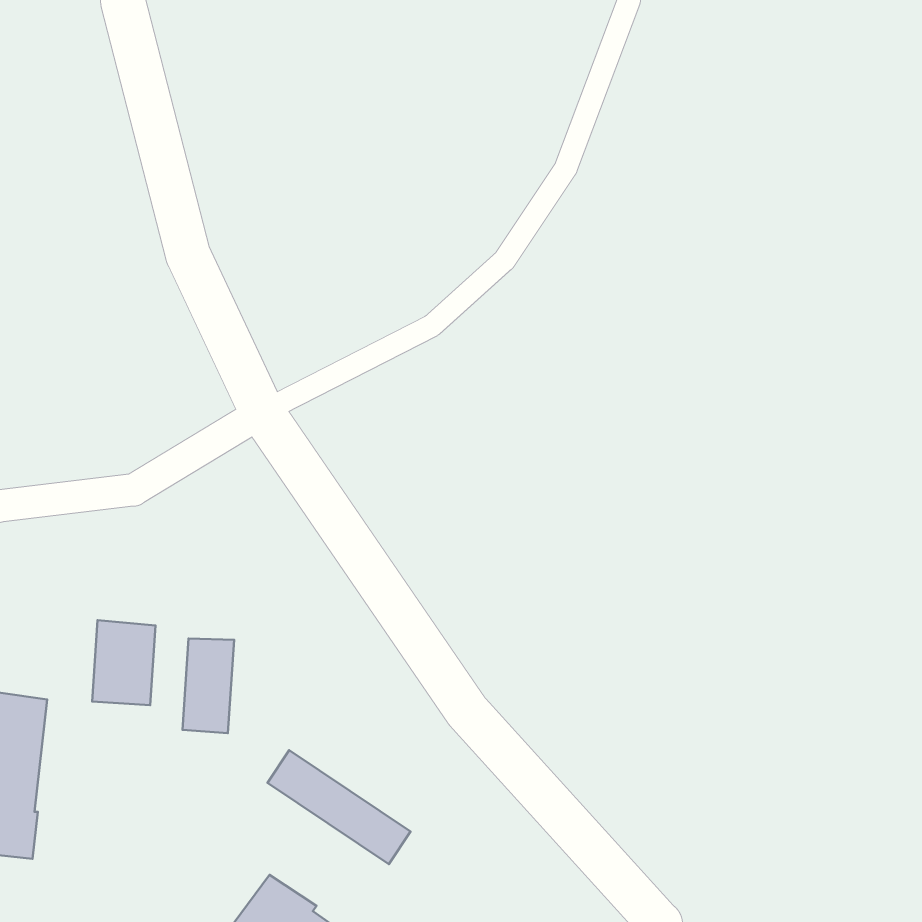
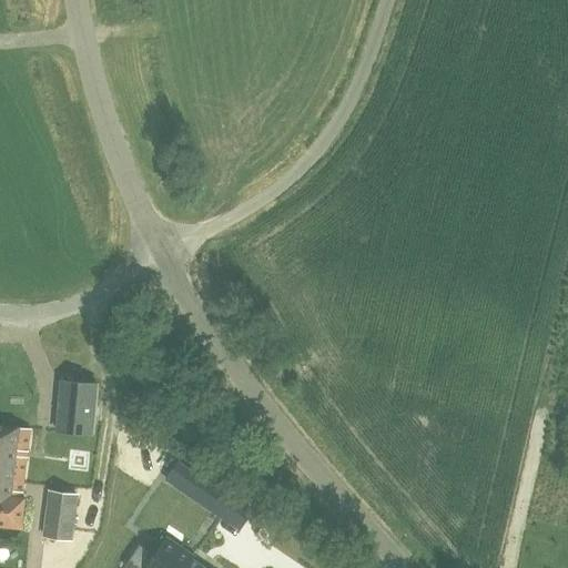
building: [182,638,234,733] -> none
building: none -> [41,491,77,540]

